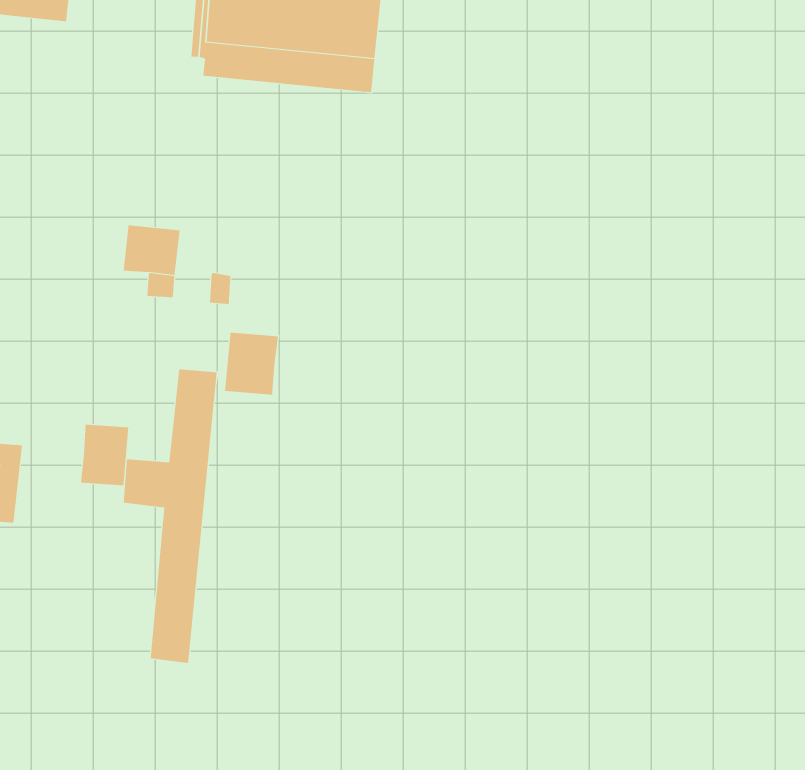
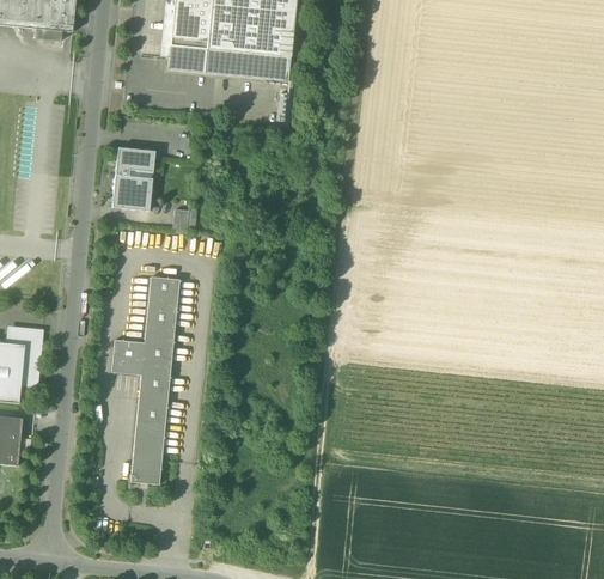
building: none -> [115,147,154,178]
building: [224,332,279,395] -> none
building: [80,424,129,486] -> none

